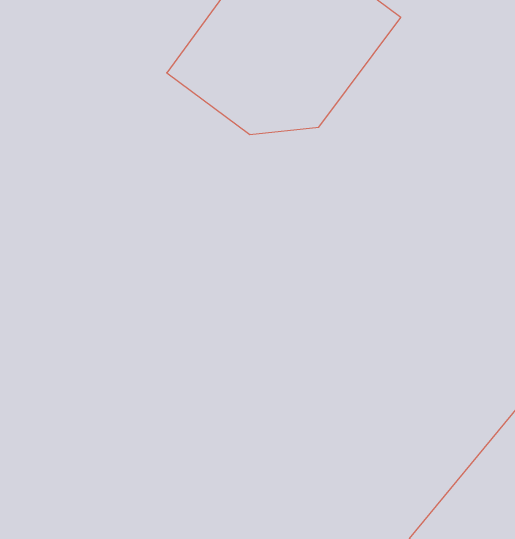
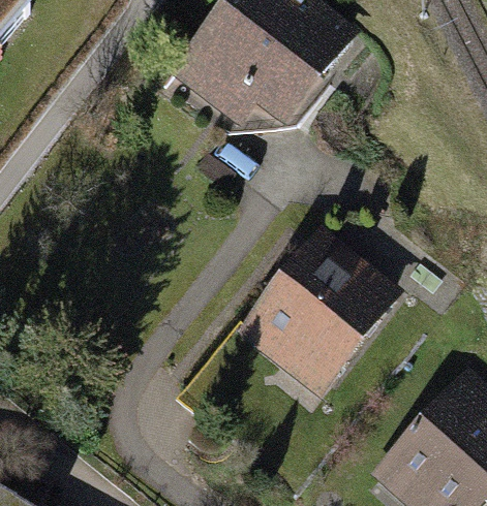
building: none -> [236,230,399,400]

